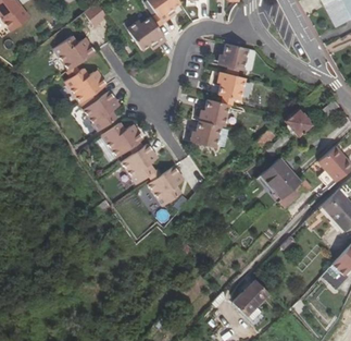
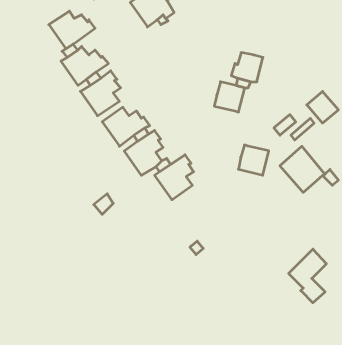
building: [221,44,248,71] -> none
building: [193,120,221,147] -> [238,145,269,175]
building: [234,280,267,328] -> [289,249,326,303]

